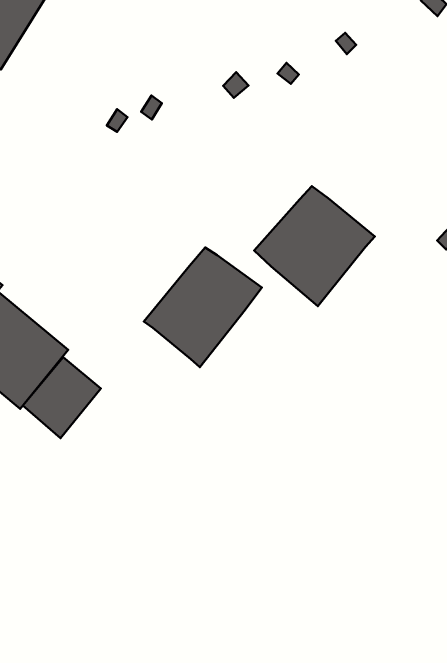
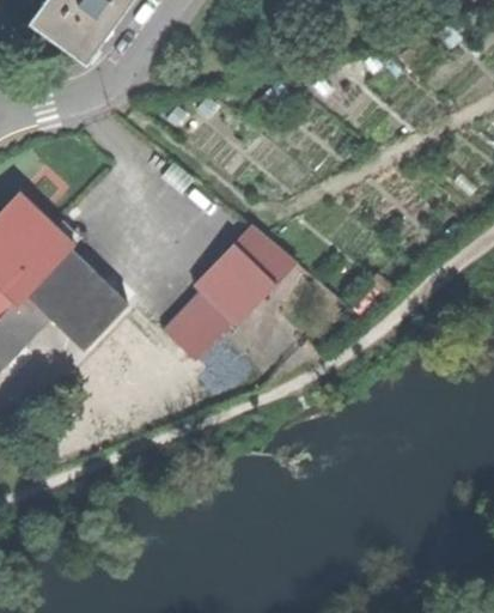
building: [254,186,375,306] -> none
building: [23,357,101,438] -> [161,290,228,358]

